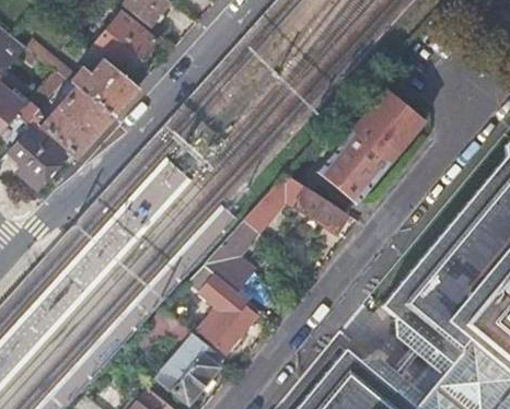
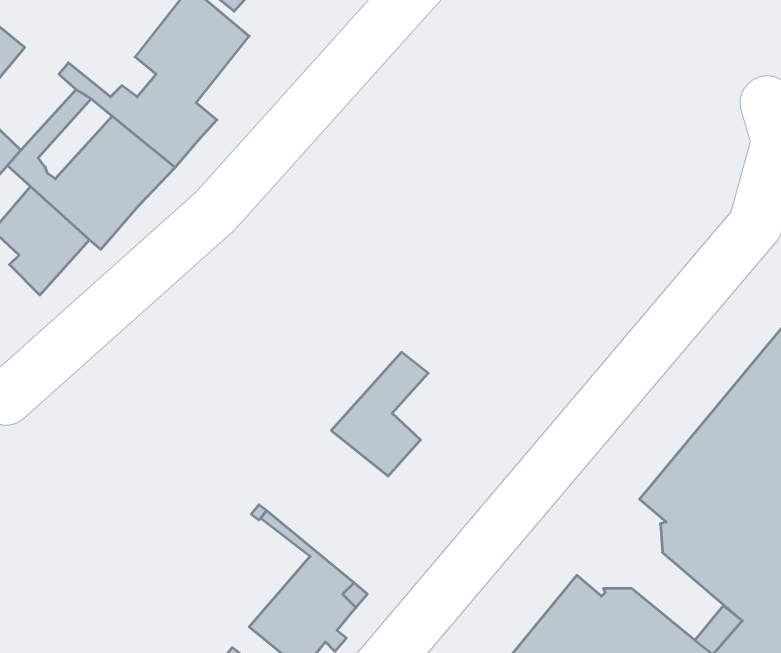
building: [317,91,425,206] -> none
building: [244,176,348,234] -> none
building: [187,267,256,353] -> none

